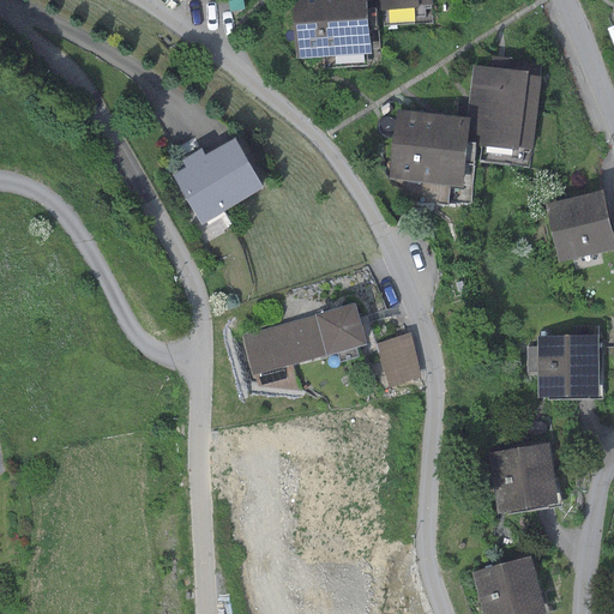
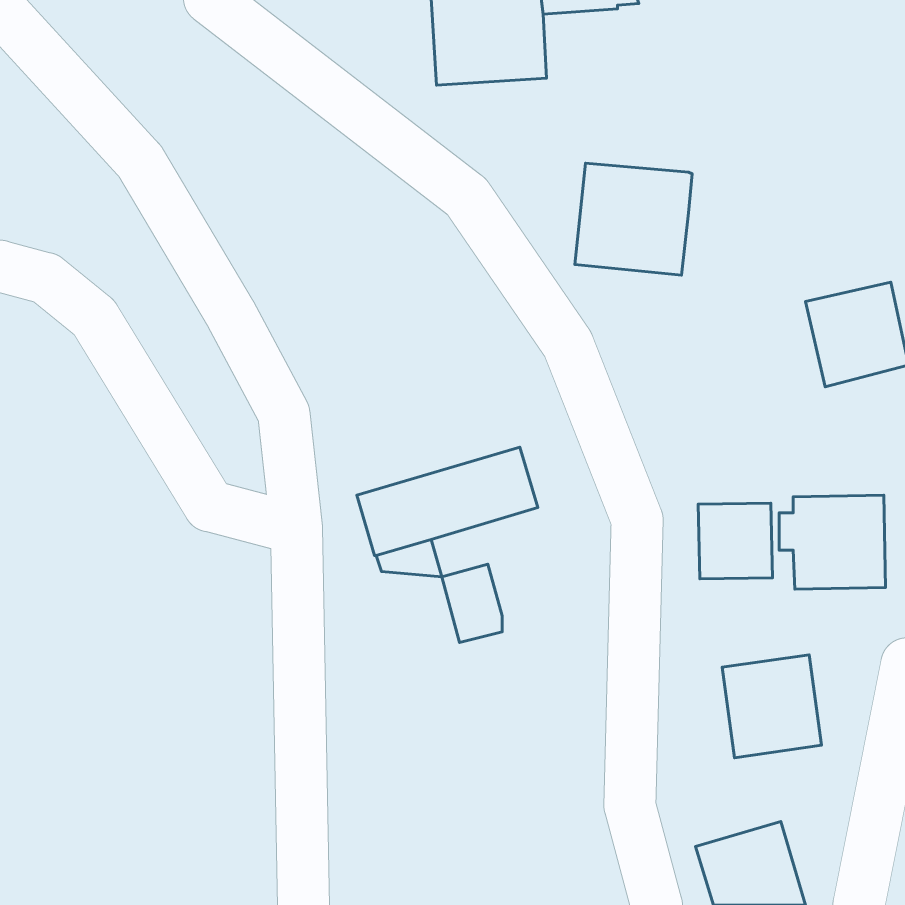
building: [466,65,540,150] -> none
building: [171,138,263,223] -> none
building: [379,333,420,386] -> [442,564,502,642]
building: none -> [698,503,772,579]

